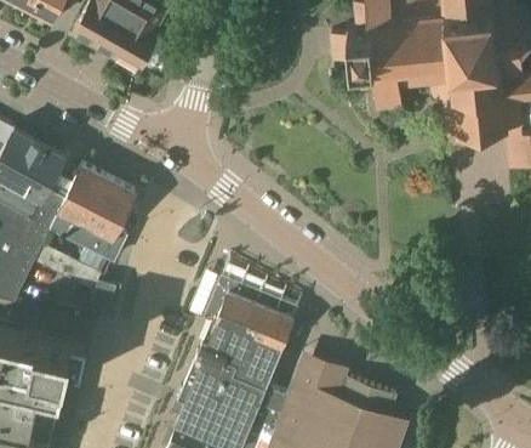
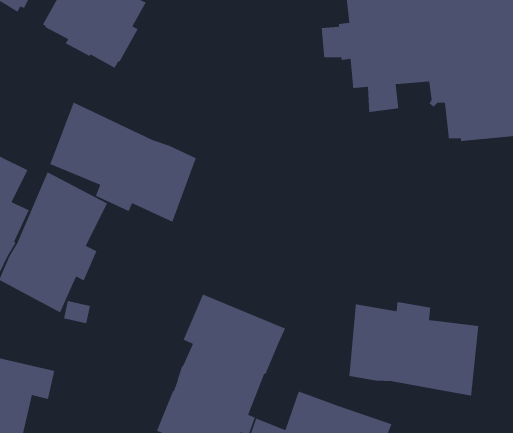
building: none -> [49,101,197,223]
building: none -> [348,301,479,396]

